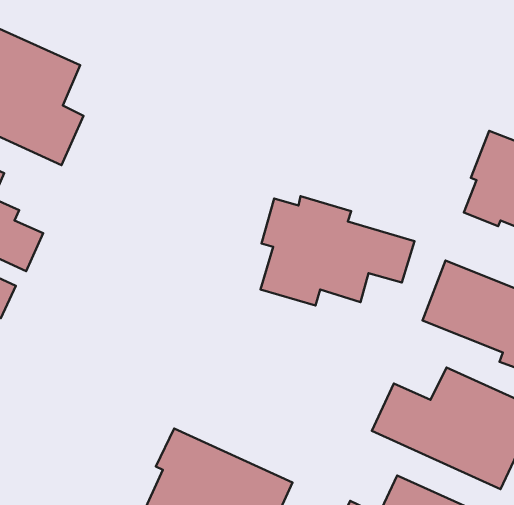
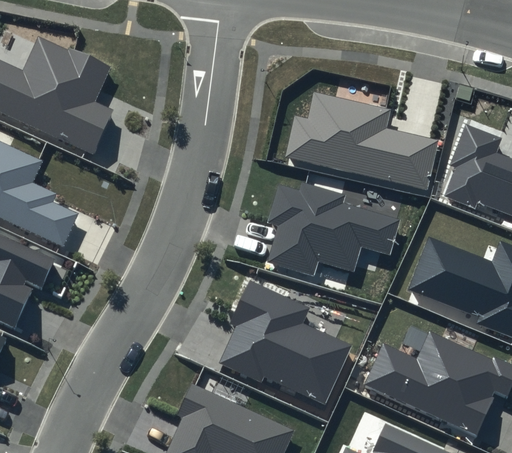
building: none -> [285,93,438,190]
building: none -> [219,281,351,405]

